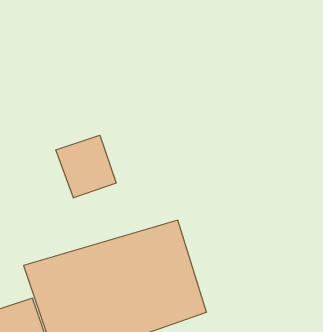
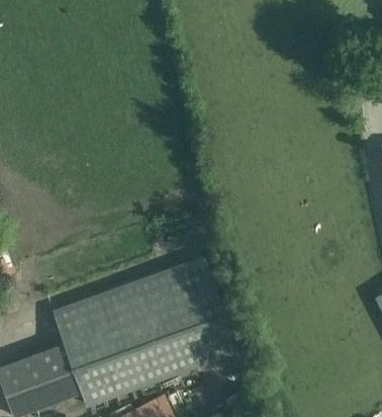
building: [56,135,116,198] -> none

